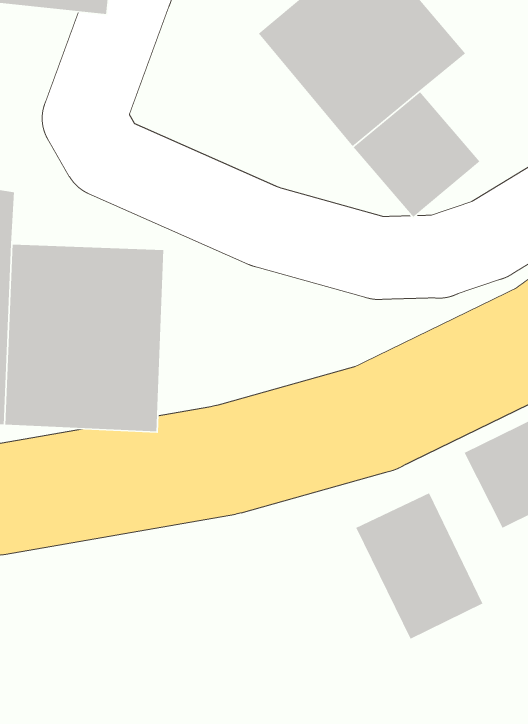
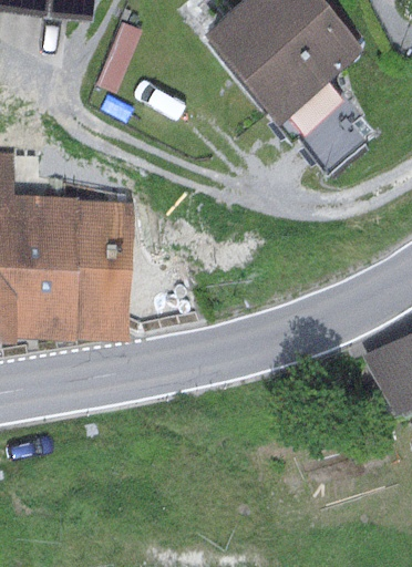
building: [355,492,484,640] -> none

